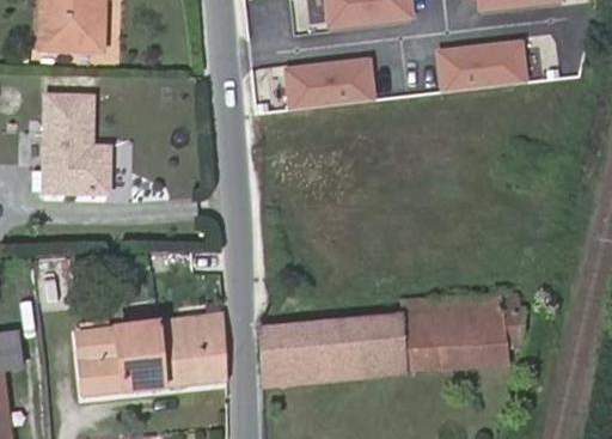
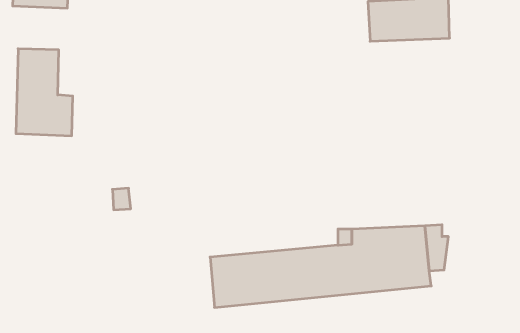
building: [282,54,378,111] -> none
building: [72,316,225,397] -> none

